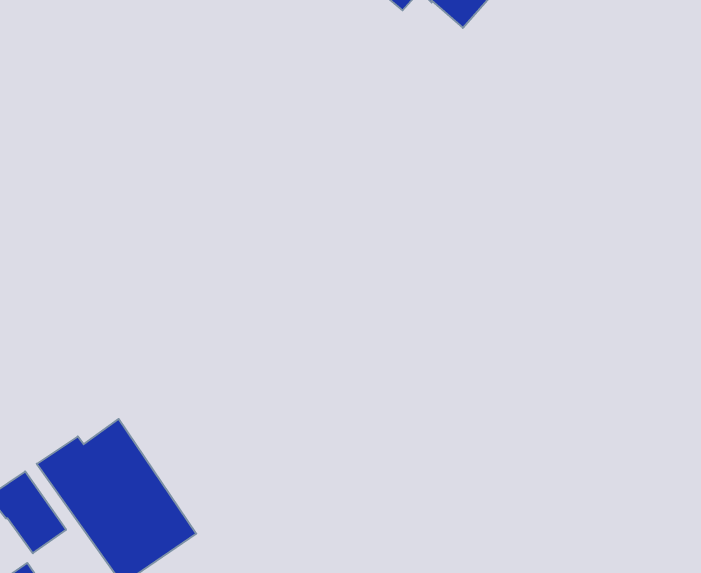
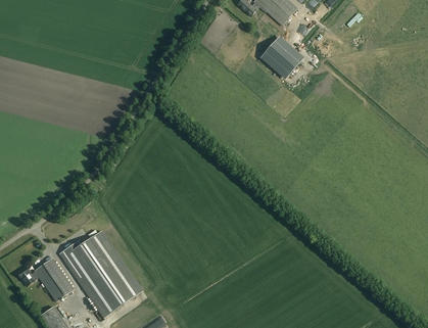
building: none -> [263,38,301,76]

